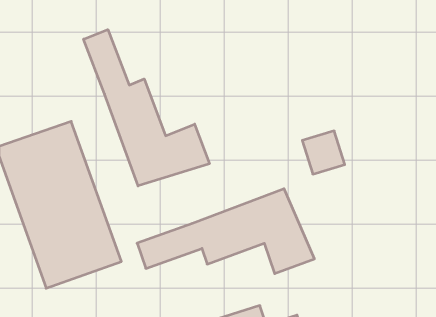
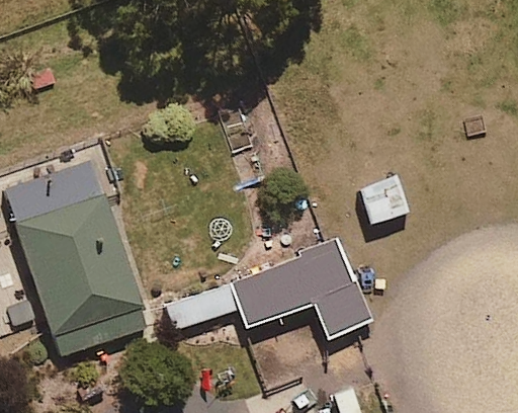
building: [84,30,209,186] -> none

